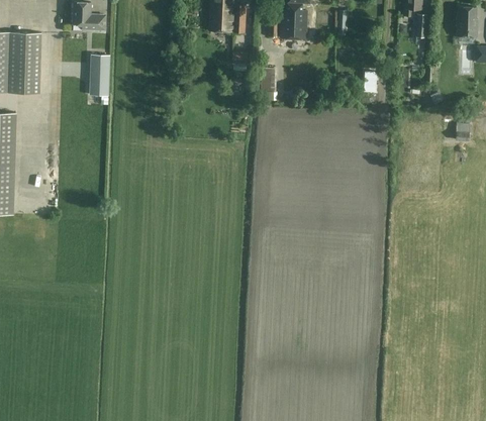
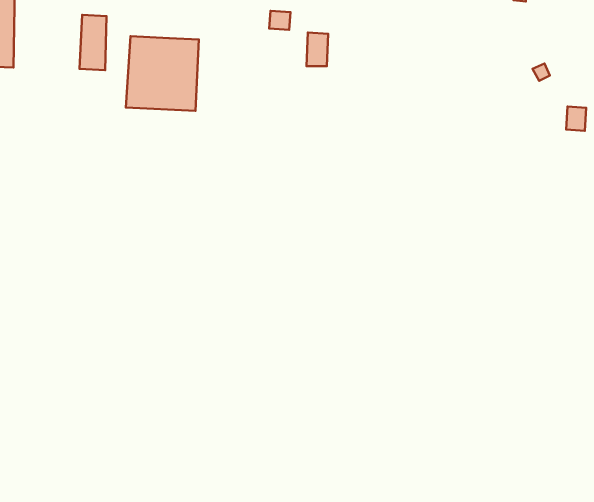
building: none -> [126,36,199,111]

